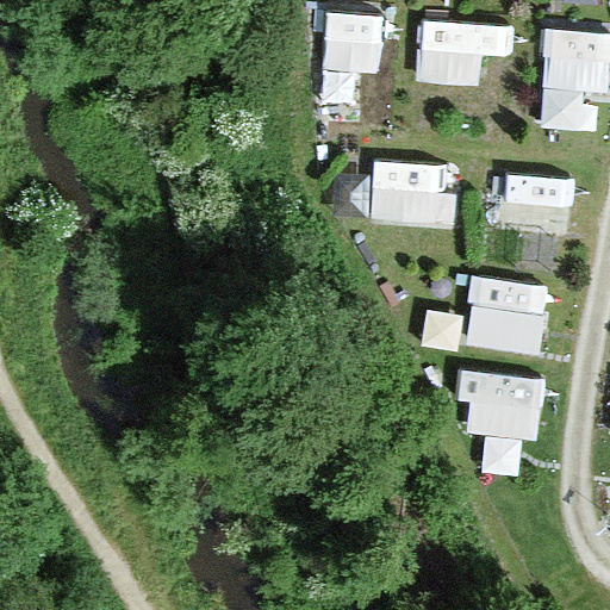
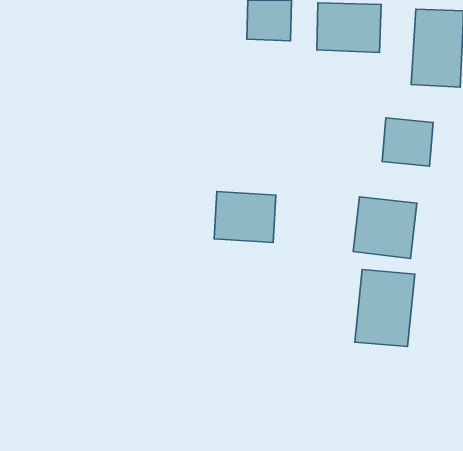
building: [373,160,454,226] -> [214,192,276,242]

